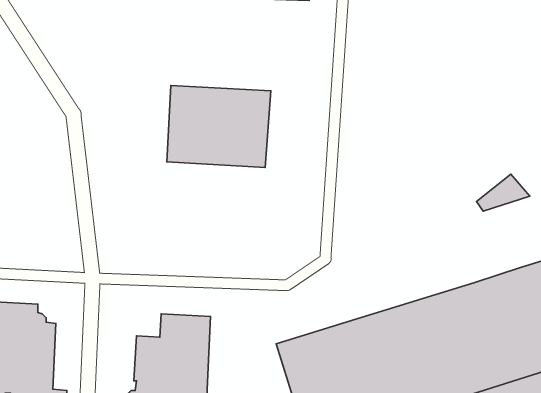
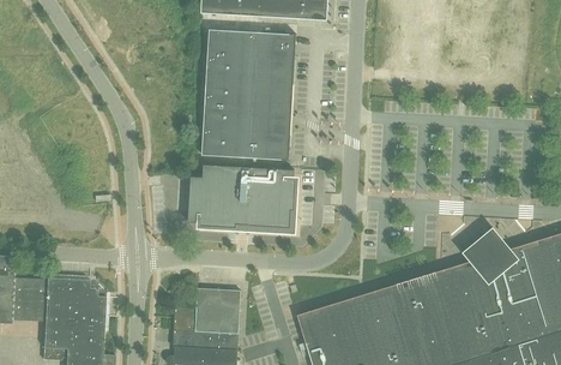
building: none -> [205,30,296,92]
building: none -> [188,164,296,229]
building: [476,174,530,211] -> [465,228,512,261]

